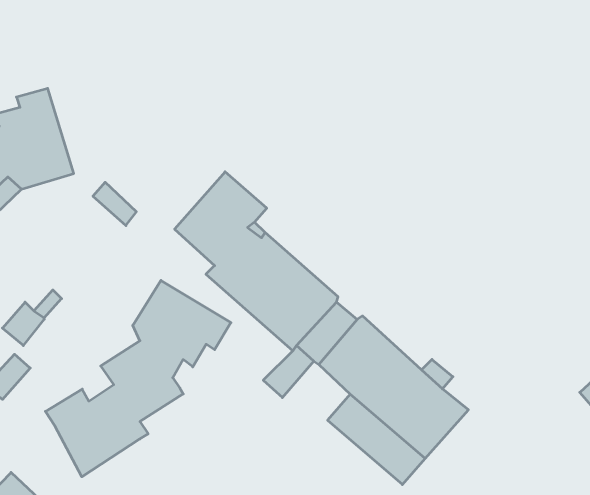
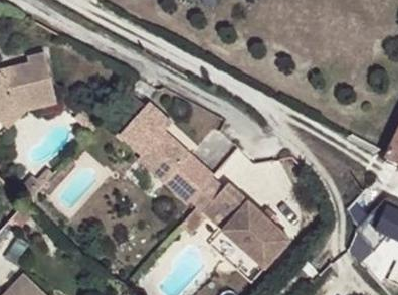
building: [45,280,231,477] -> none

